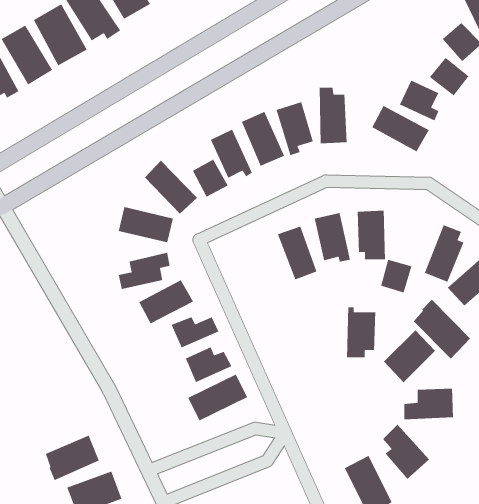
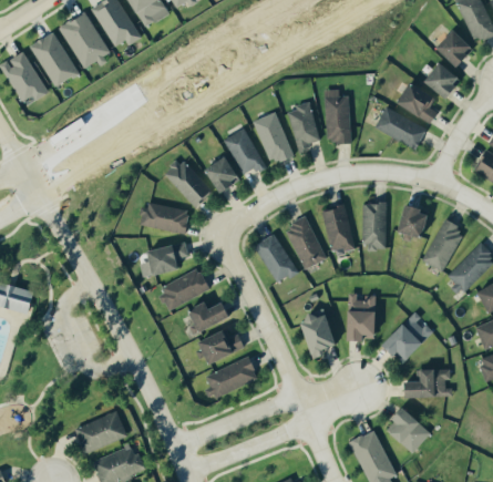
building: none -> [256,234,296,285]
building: [380,259,413,293] -> [400,206,430,238]
building: [413,299,471,359] -> none
building: none -> [304,312,340,359]

